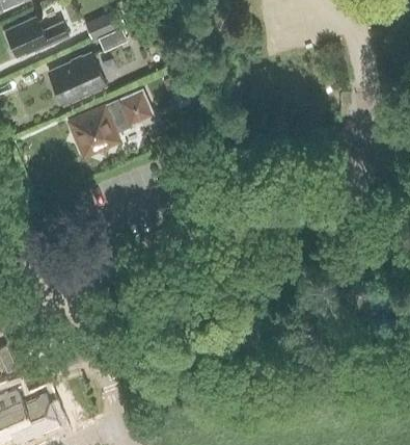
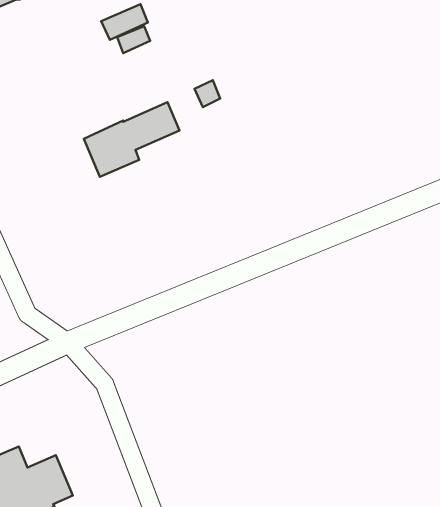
building: [6,17,70,56] -> none
building: [49,52,106,103] -> none

